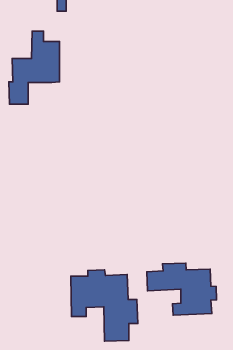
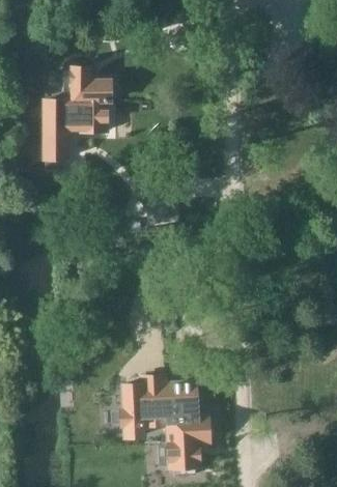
building: [147,263,216,315] -> none

